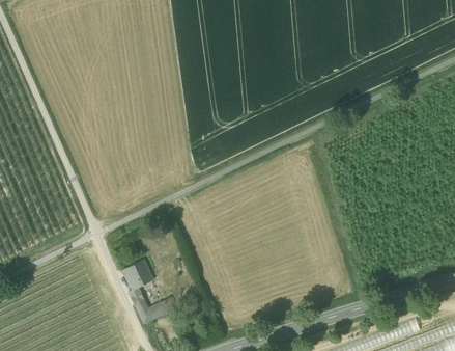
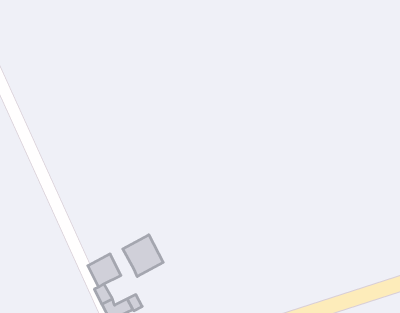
building: none -> [123,235,163,277]

